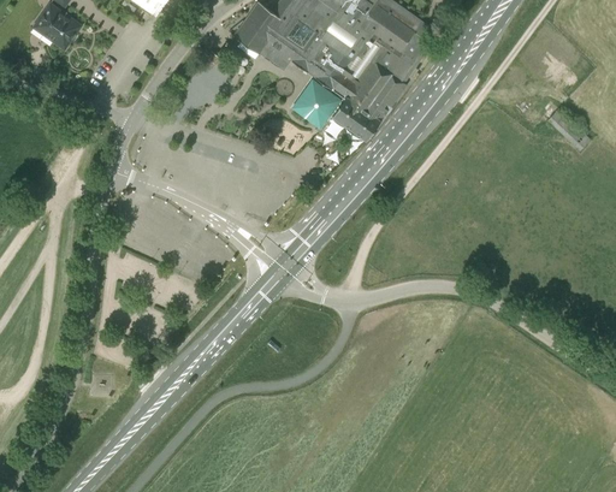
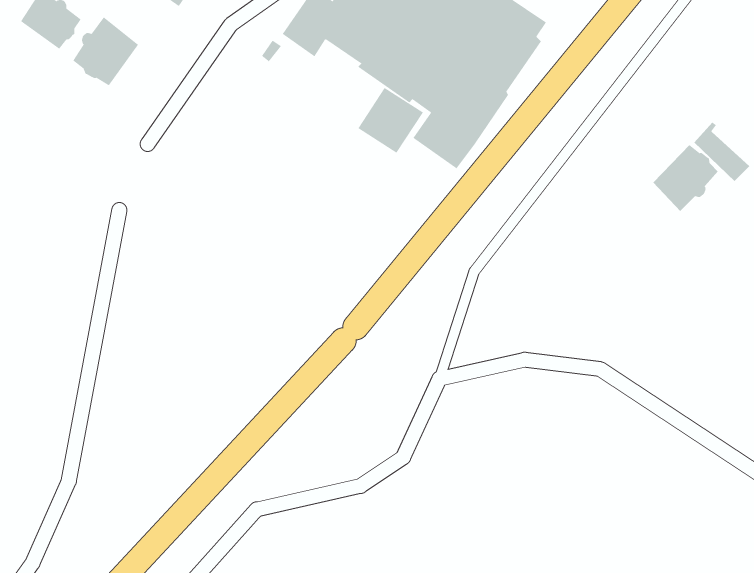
building: none -> [72,17,139,86]
building: none -> [653,144,719,212]

